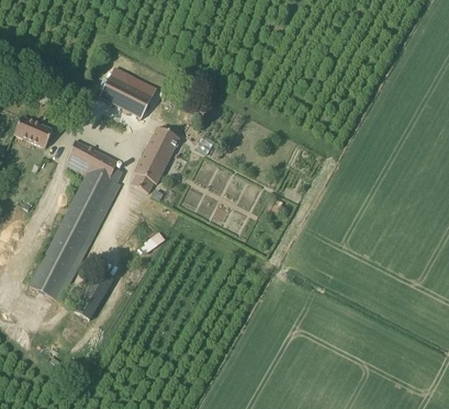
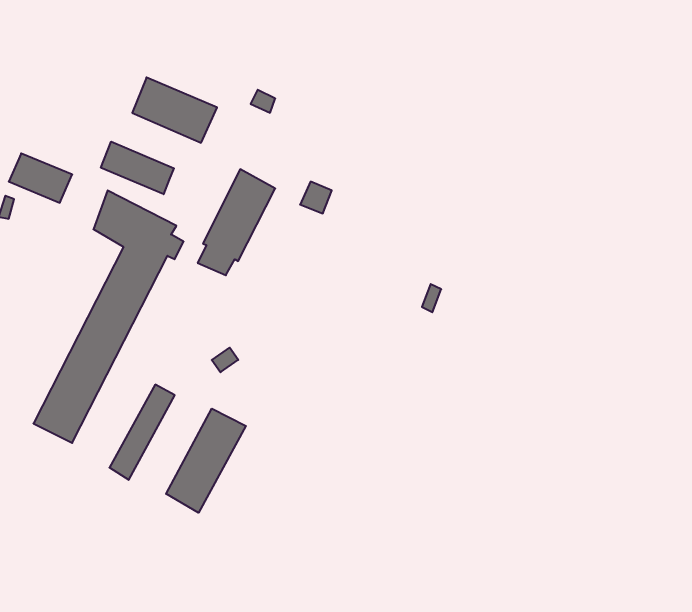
building: none -> [101,142,174,194]
building: none -> [166,409,246,513]

